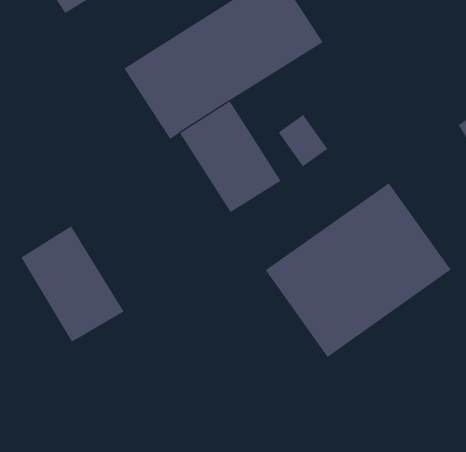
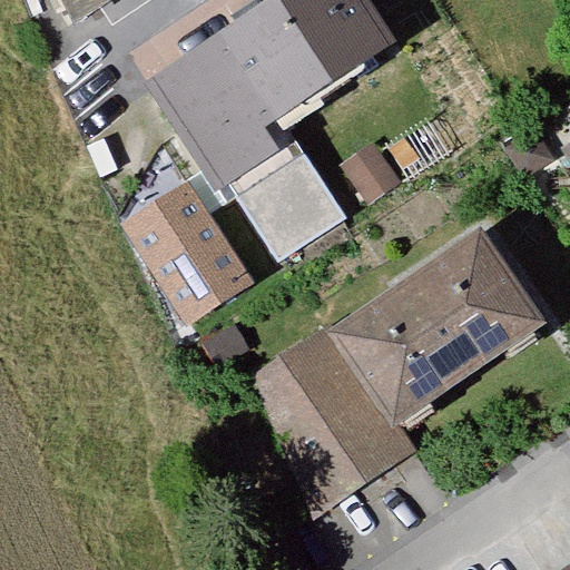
building: [20,226,125,342] -> [125,186,252,328]
building: none -> [246,317,414,512]

